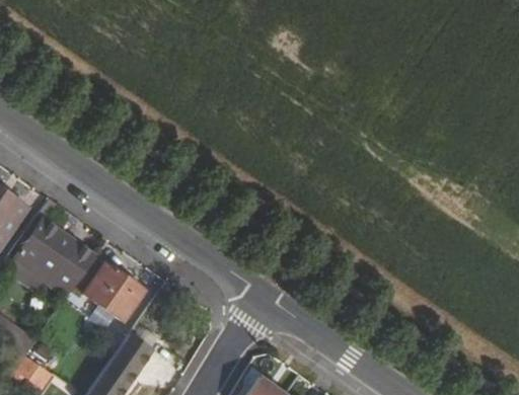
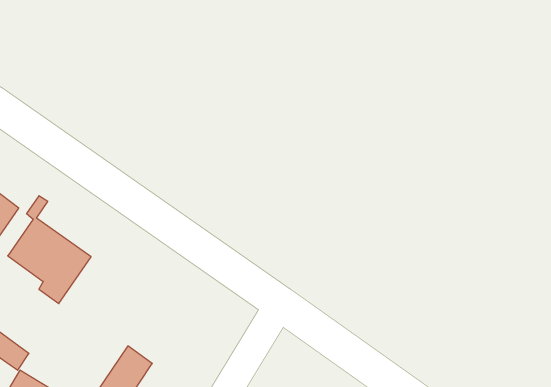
building: [69,259,143,321] -> none

